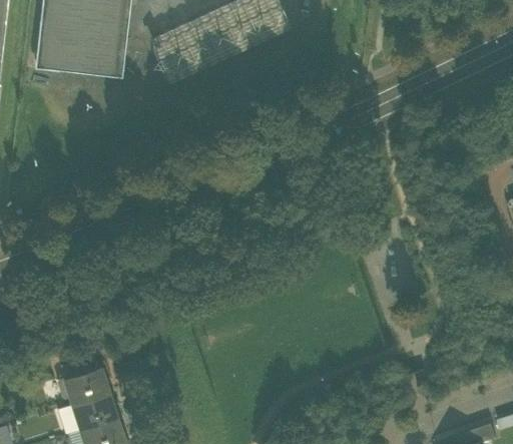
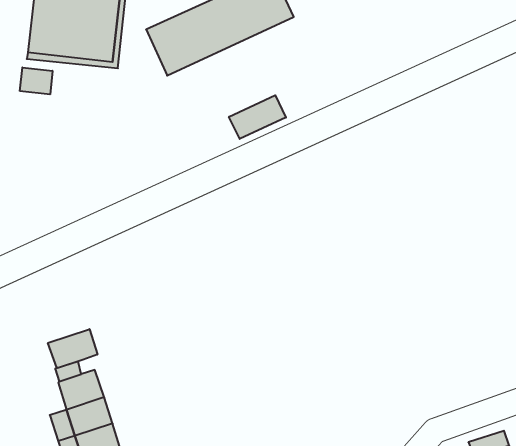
building: none -> [20,67,52,94]
building: none -> [229,95,286,139]
building: none -> [48,329,97,368]

